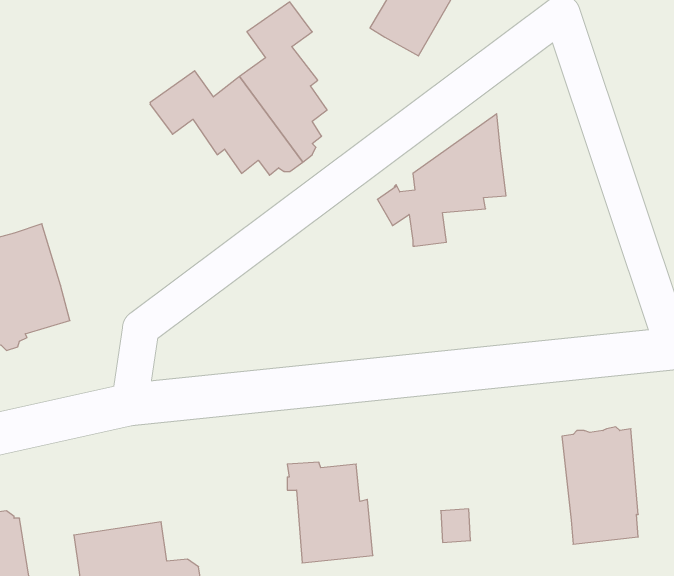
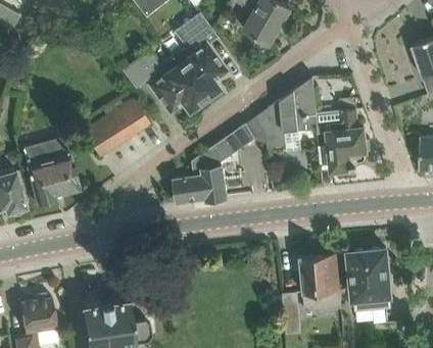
building: none -> [84,99,149,156]
building: none -> [328,99,372,171]
building: none -> [175,123,268,202]
building: [287,462,373,563] -> [296,255,343,310]

